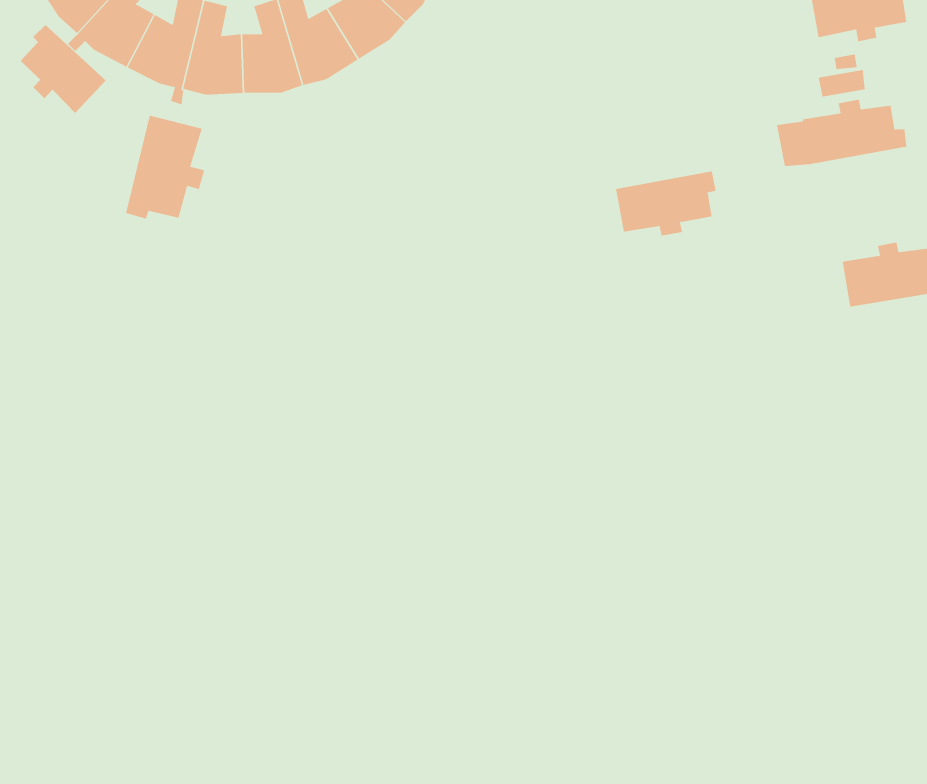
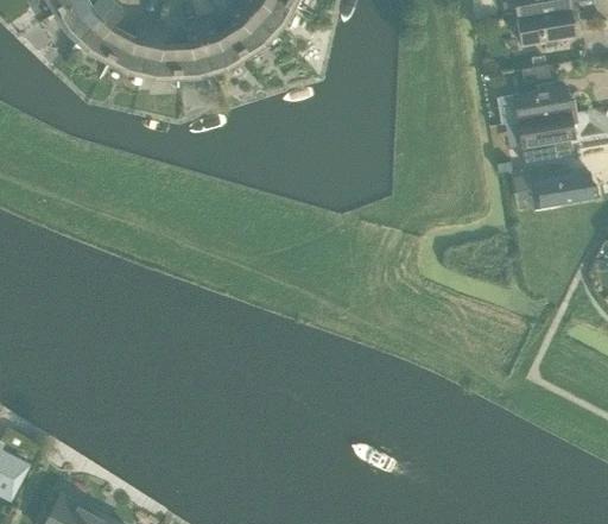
building: [20,24,106,114] -> none
building: [125,115,205,220] -> none
building: [615,171,716,236] -> [517,109,577,149]

